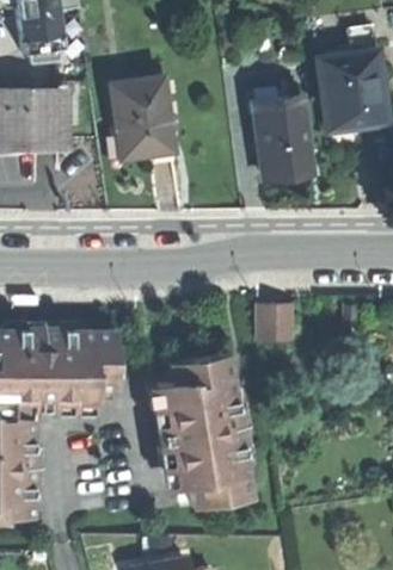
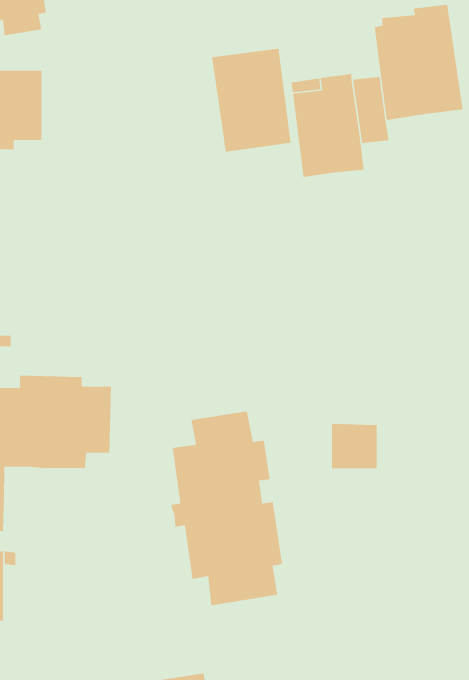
building: [111,79,173,160] -> [211,48,292,152]
building: [253,306,289,342] -> [331,423,377,469]

